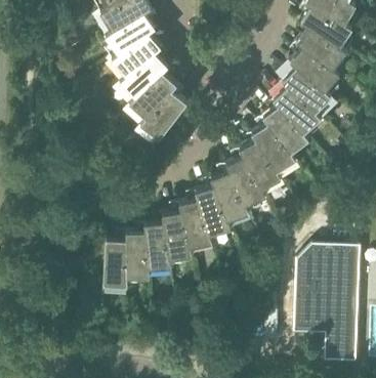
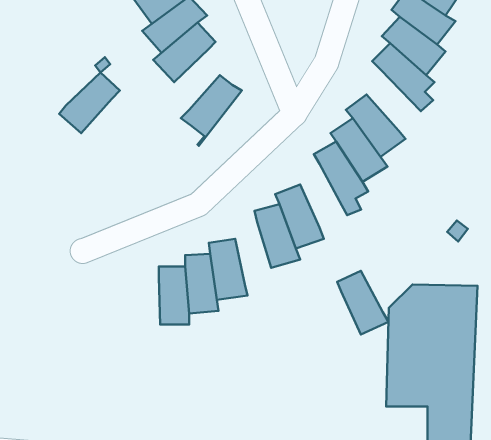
building: [131,73,176,118] -> [59,72,120,133]
building: [274,88,319,133] -> none
building: [226,158,264,205] -> [337,271,388,334]
building: [179,201,210,247] -> none
building: [102,241,126,292] -> none

